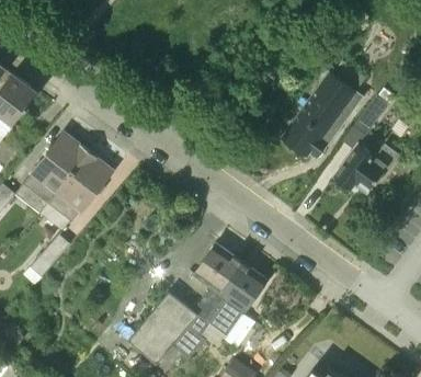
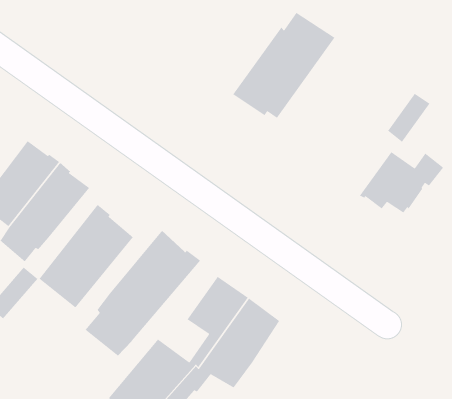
building: [280,73,363,160] -> [232,12,335,119]
building: none -> [38,204,134,309]
building: none -> [85,230,201,356]

